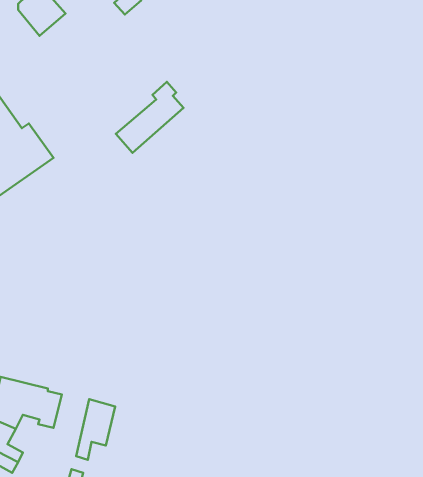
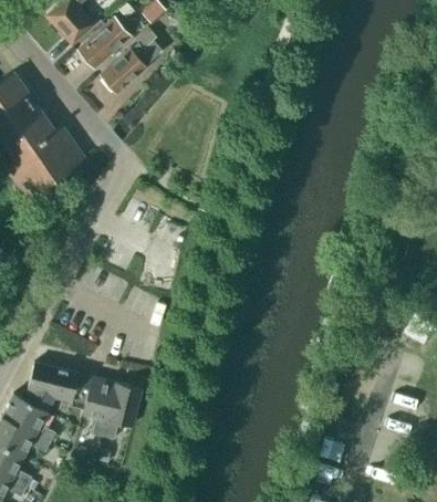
building: none -> [77,19,131,69]
building: [116,82,183,153] -> [100,28,163,94]
building: none -> [82,377,116,437]

